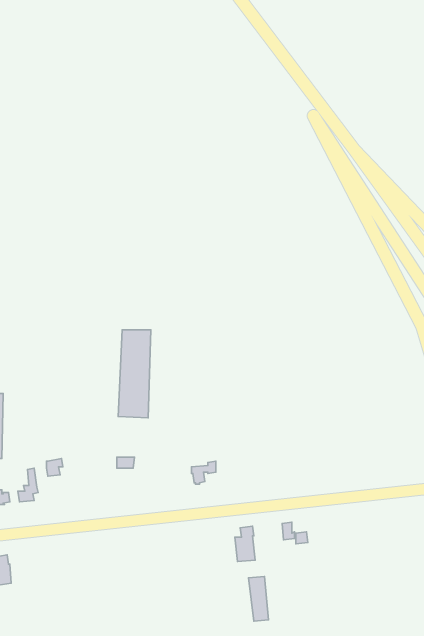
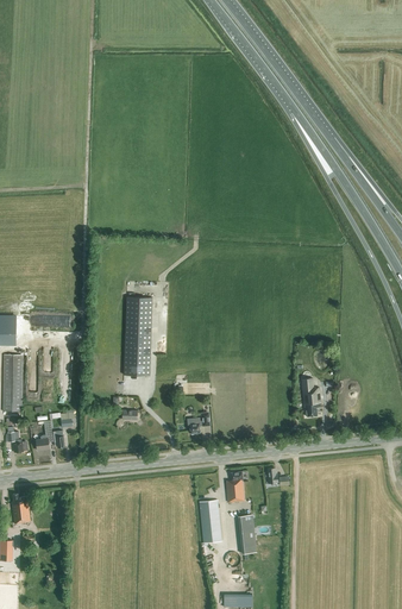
building: none -> [302,378,321,416]
building: none -> [200,500,221,542]

